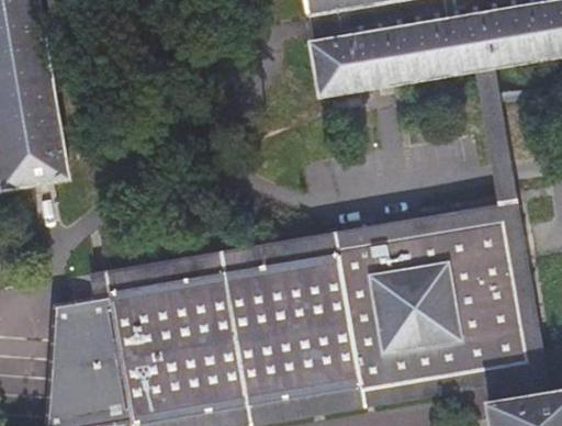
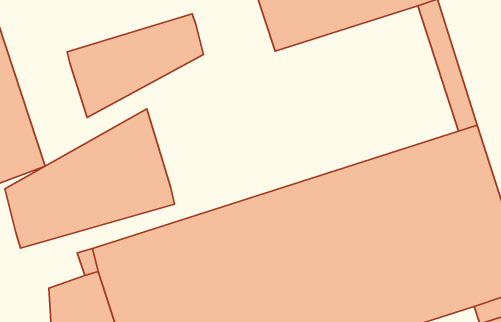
building: none -> [67,14,204,118]
building: none -> [5,109,174,248]

